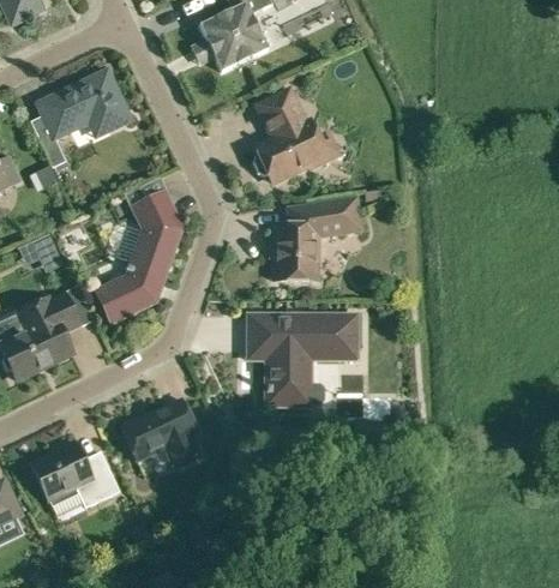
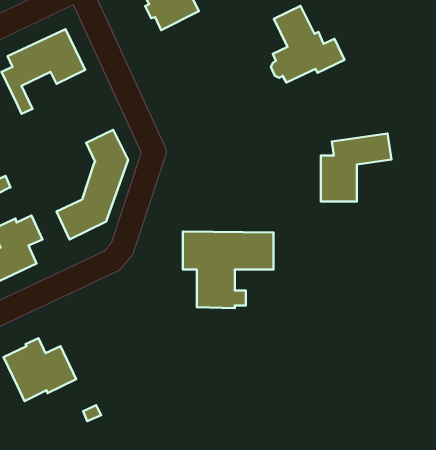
building: [253,89,342,181] -> [271,6,344,83]
building: [275,198,360,280] -> [321,134,392,201]
building: [121,398,199,463] -> none

